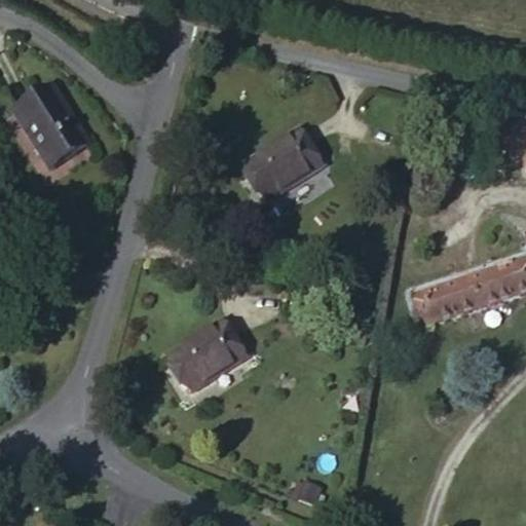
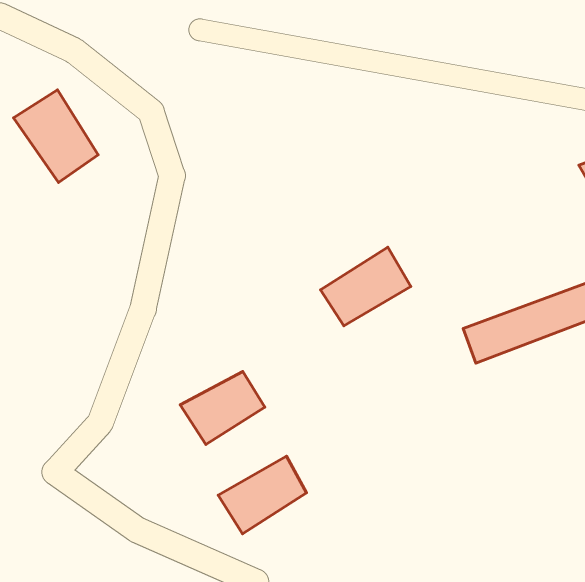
building: [232,139,312,209] -> [321,247,411,326]
building: none -> [218,456,307,534]

